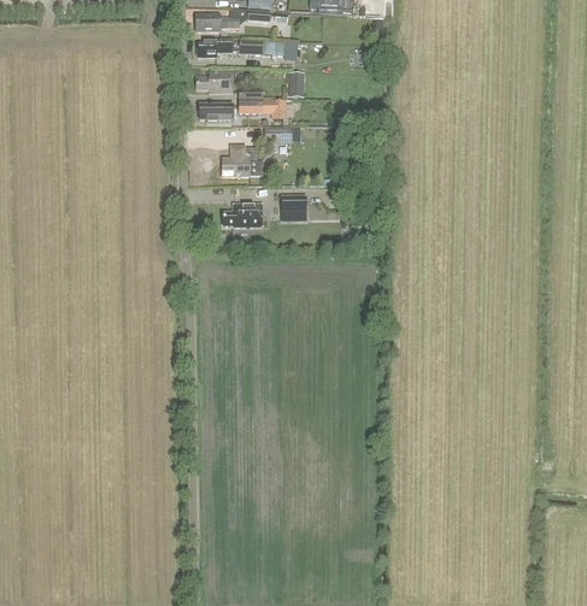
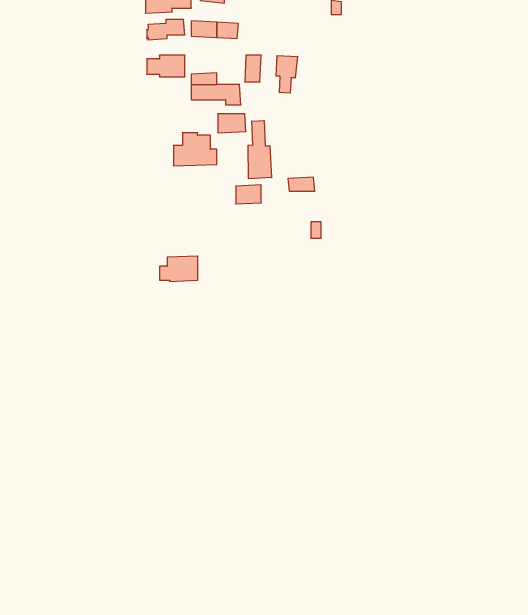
building: none -> [276,56,298,93]
building: [198,104,231,124] -> none
building: none -> [248,120,272,179]
building: [225,202,262,226] -> [160,256,198,281]

